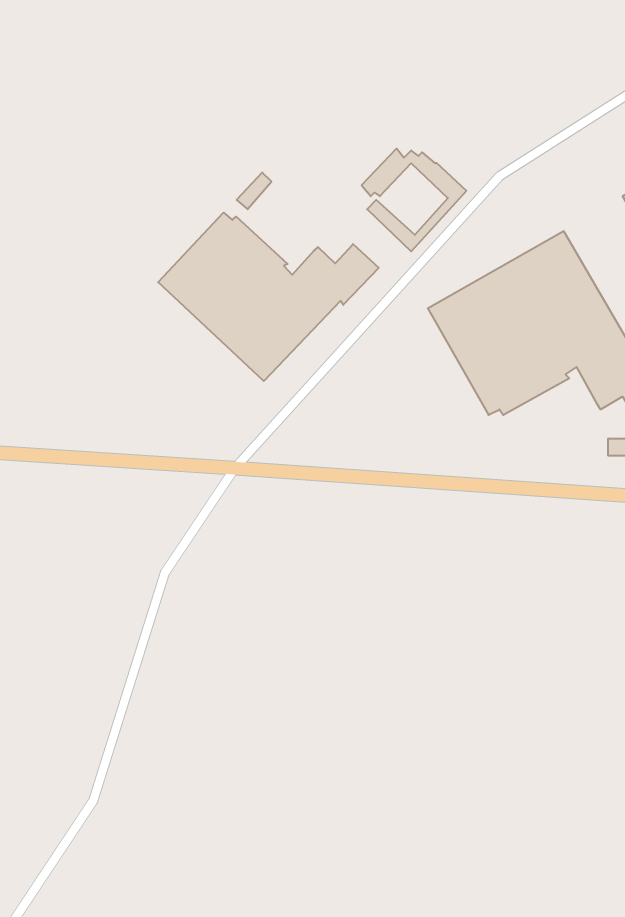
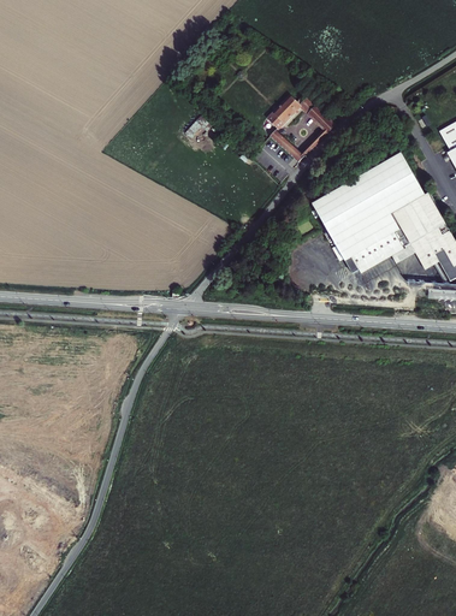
building: [158,213,379,381] -> none

